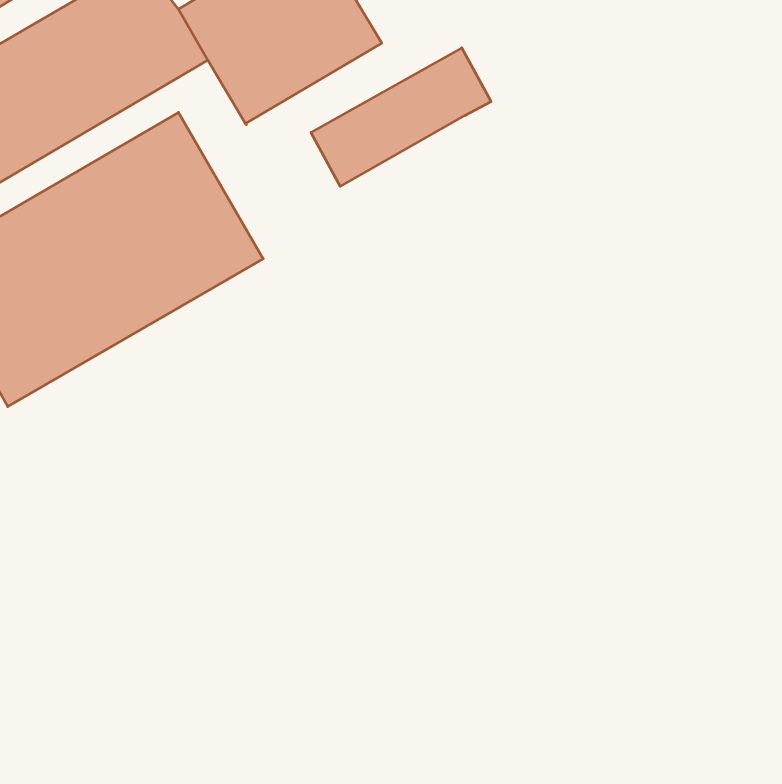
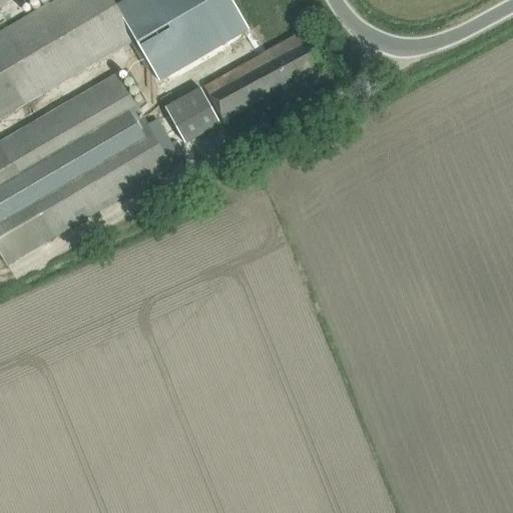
building: none -> [163,88,217,143]

